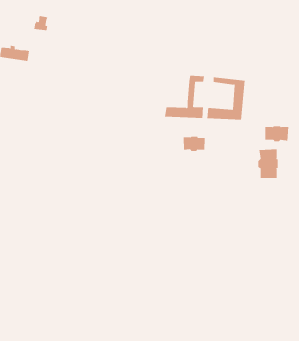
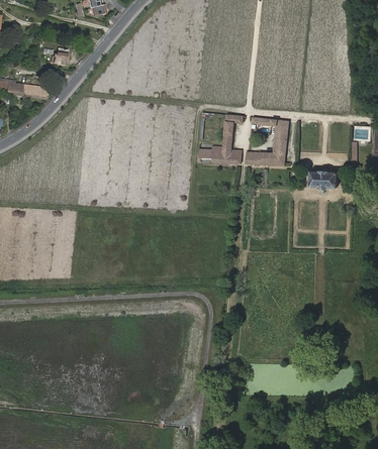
building: [183,136,205,152] -> none
building: [258,148,278,179] -> none

